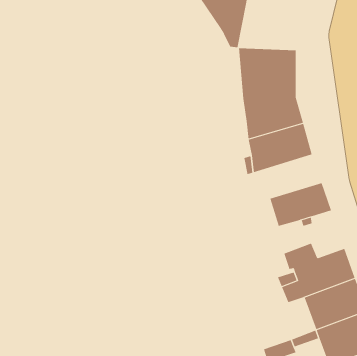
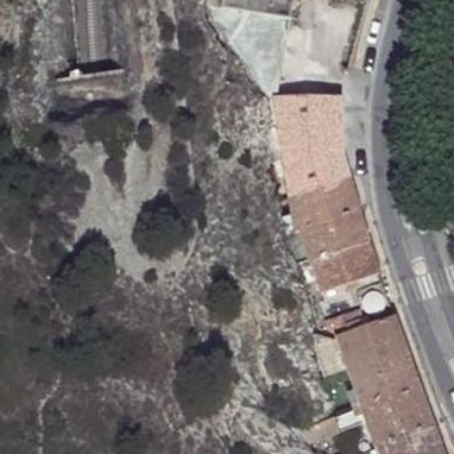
building: none -> [303,209,371,258]

